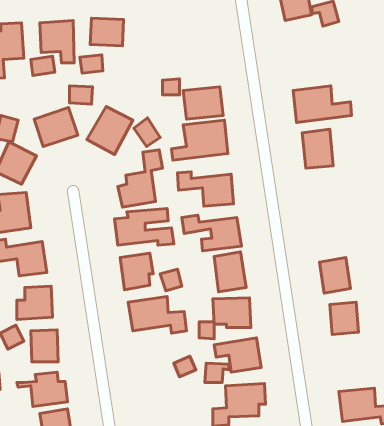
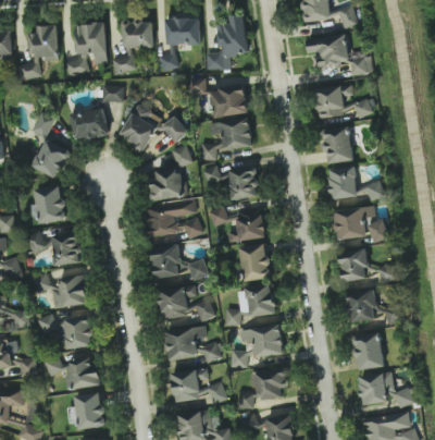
building: none -> [204,13,248,71]
building: none -> [160,17,200,70]
building: none -> [307,34,372,75]
building: none -> [328,167,383,199]
building: none -> [334,205,387,242]
building: none -> [165,327,206,358]
building: none -> [352,332,385,370]
building: none -> [171,368,225,403]

